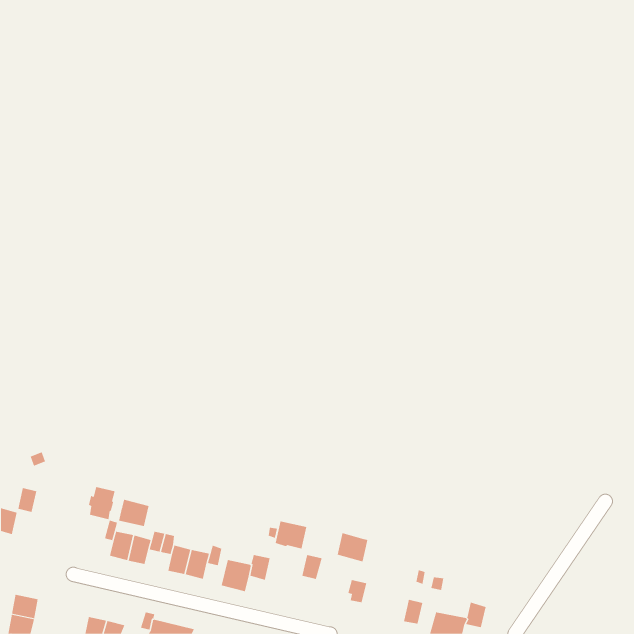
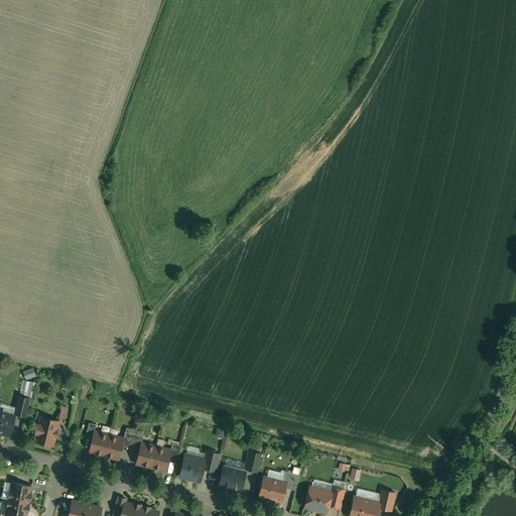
building: [88,486,115,520] -> [35,417,57,444]
building: [118,499,149,527] -> none
building: [275,521,307,549] -> [219,467,245,490]
building: [337,532,368,562] -> [260,477,285,501]
building: none -> [304,487,331,511]

